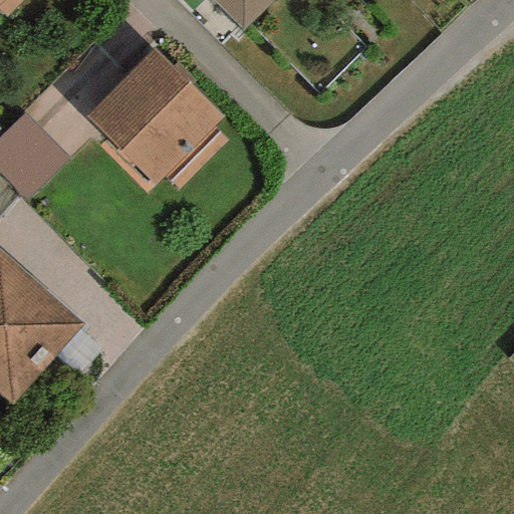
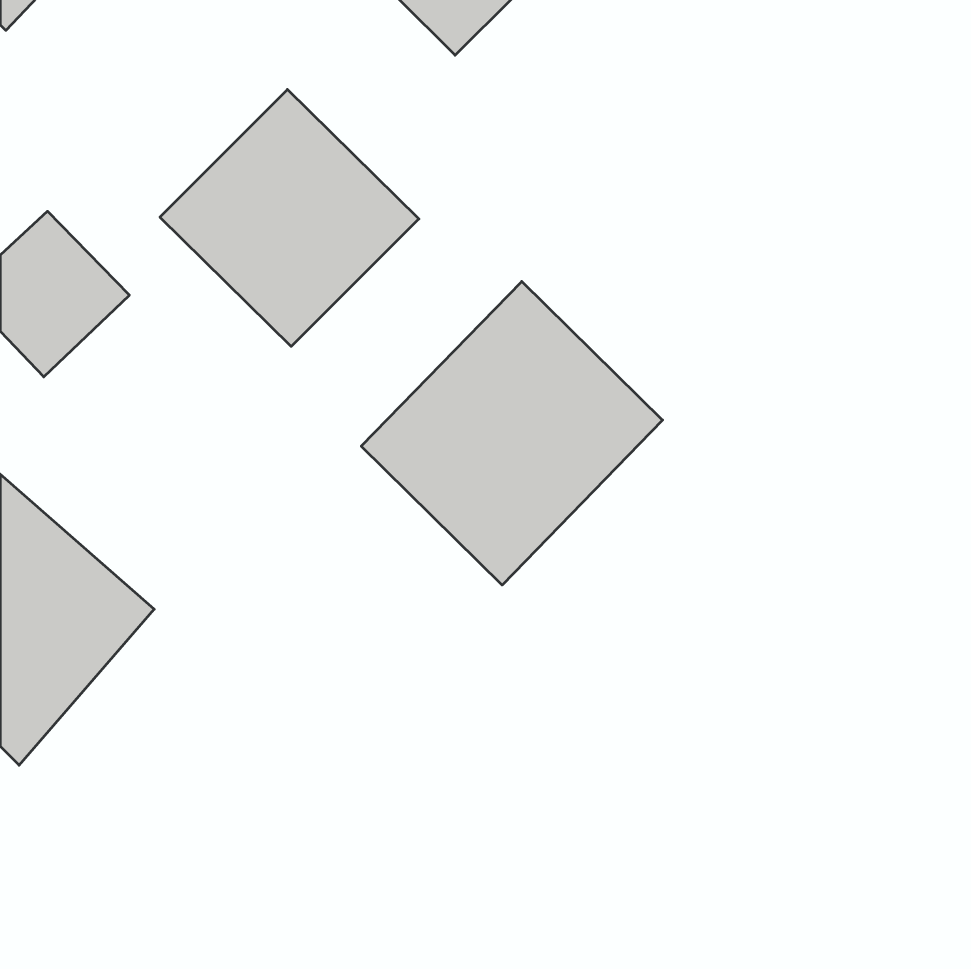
building: none -> [361,281,663,585]

